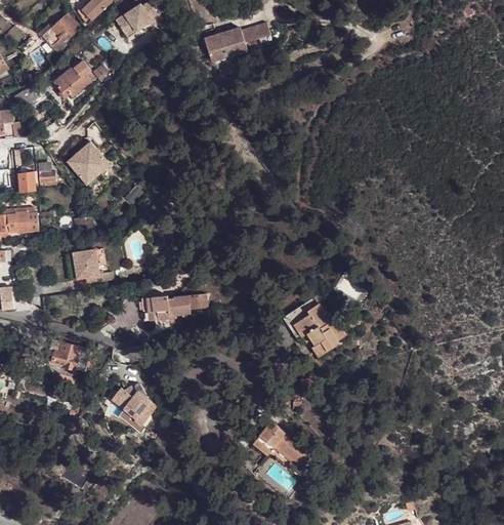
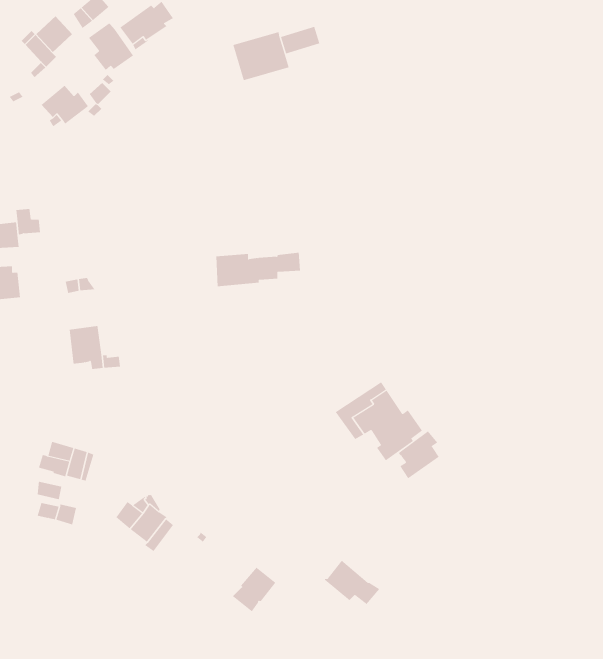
building: none -> [88,22,134,71]
building: [65,143,109,186] -> none
building: [141,294,207,321] -> [216,252,301,287]
building: none -> [398,431,439,479]
building: [251,420,285,455] -> [232,567,276,612]

